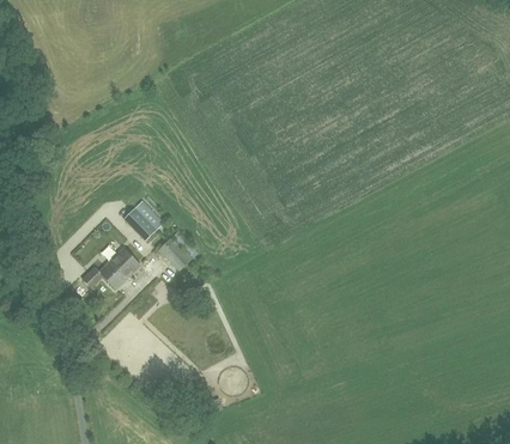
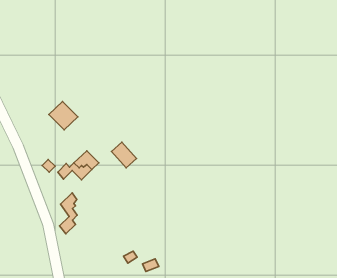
building: [123,200,164,239] -> [49,102,78,130]
building: none -> [60,193,77,234]

